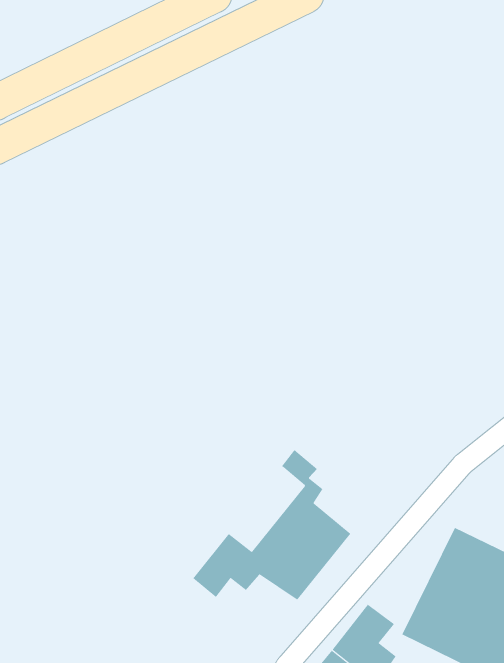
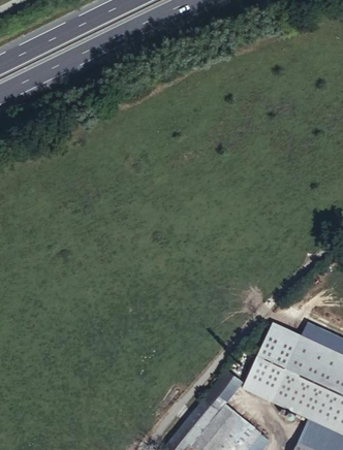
building: [192,449,351,600] -> none

